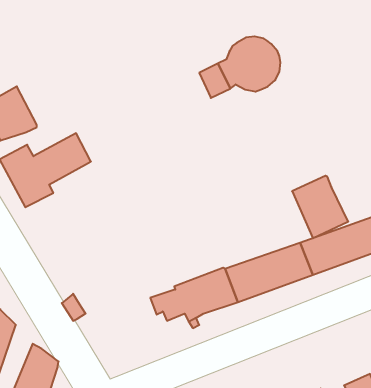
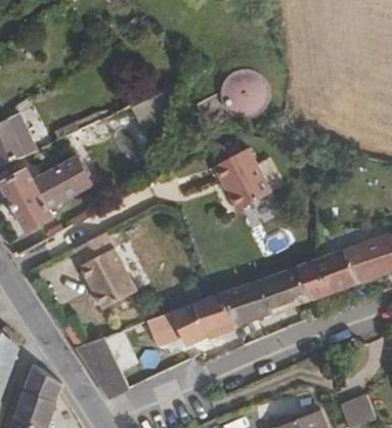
building: [292,176,348,238] -> [218,147,273,209]
building: none -> [73,232,136,311]
building: none -> [75,337,128,397]

